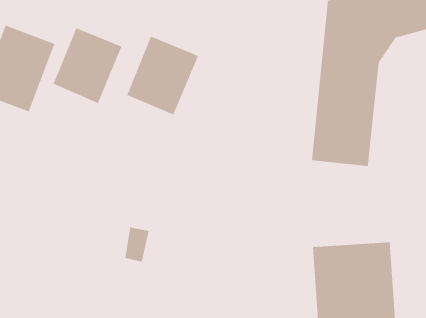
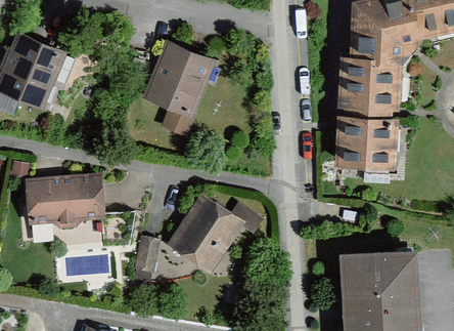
building: [53,28,122,104] -> none
building: none -> [25,176,103,224]
building: none -> [170,192,246,271]

